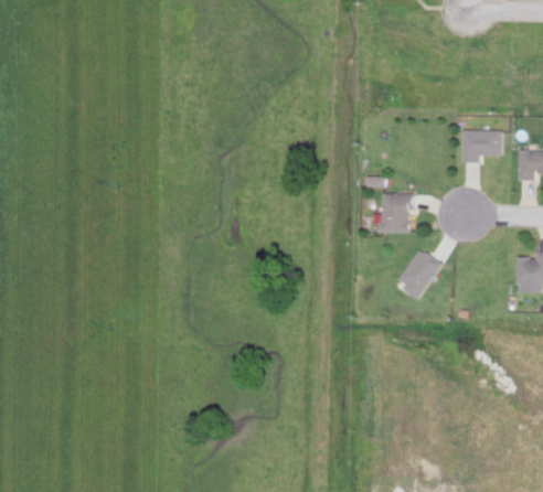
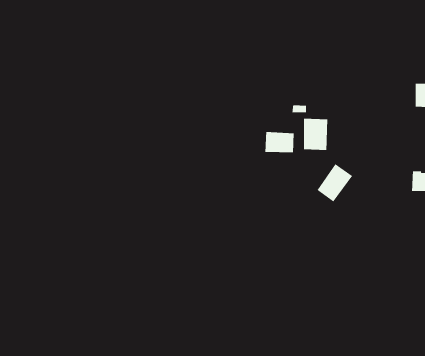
building: [461,130,502,162] -> none
building: none -> [265,131,294,153]

